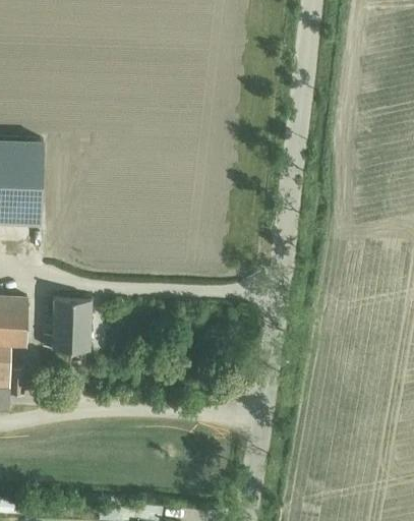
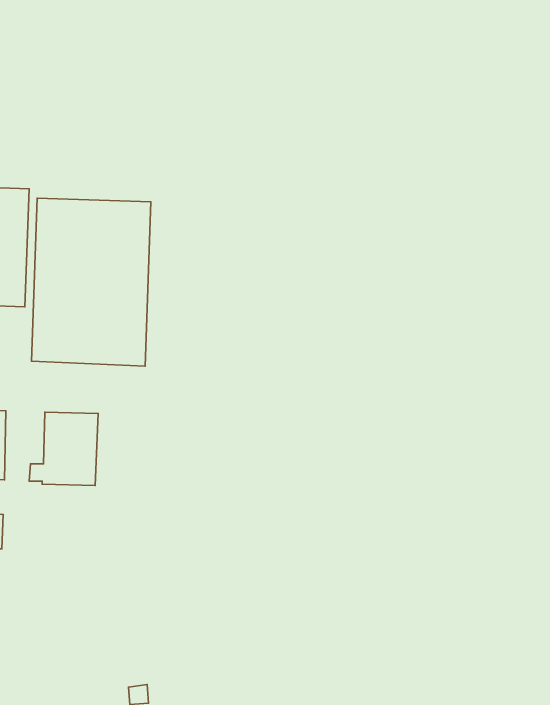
building: none -> [31,198,151,366]

